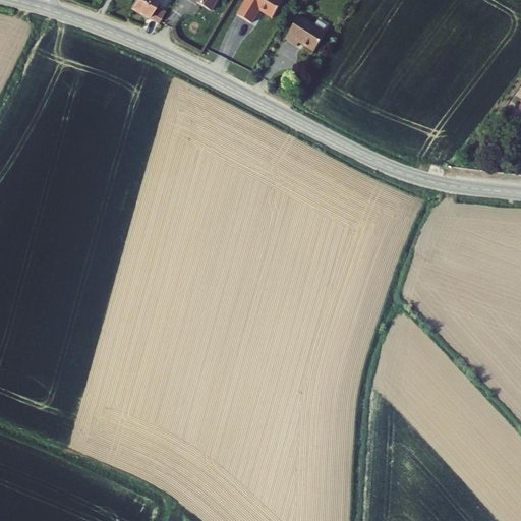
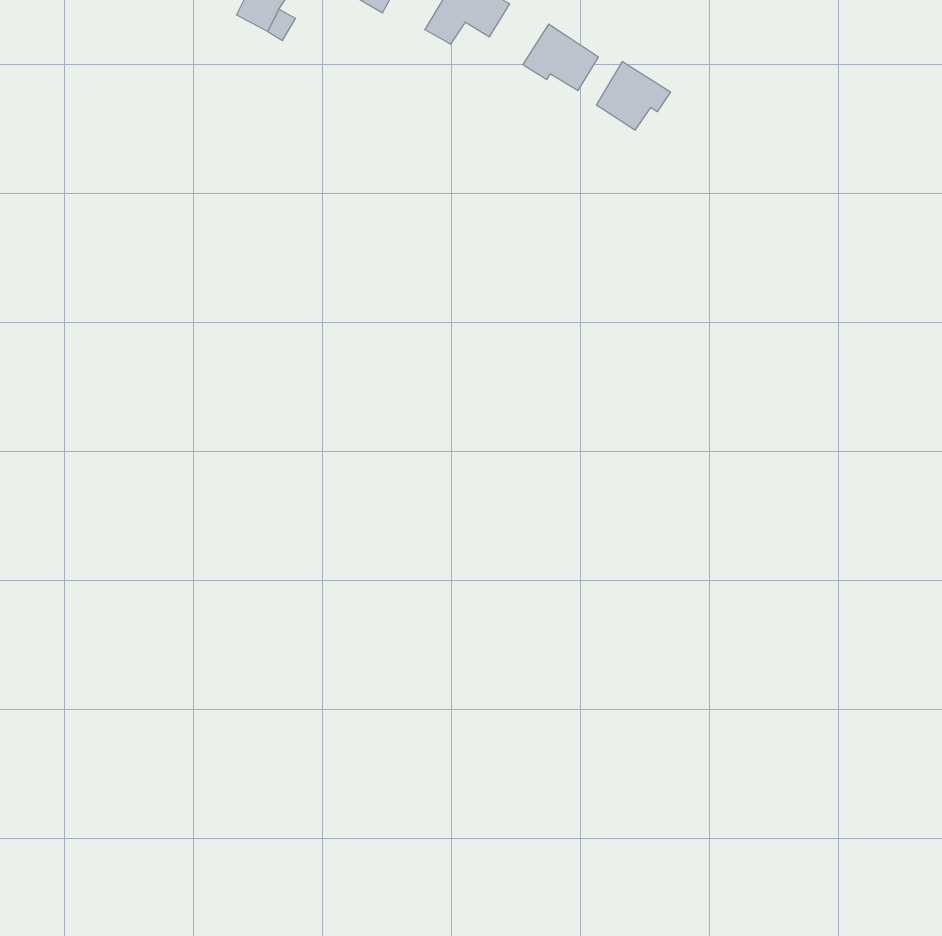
building: none -> [597,61,670,130]

